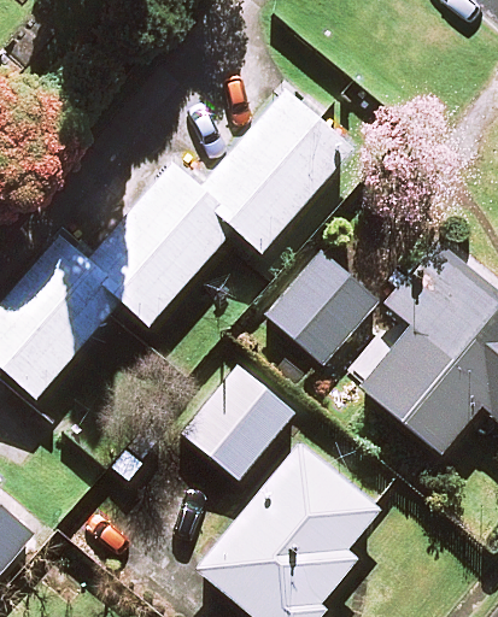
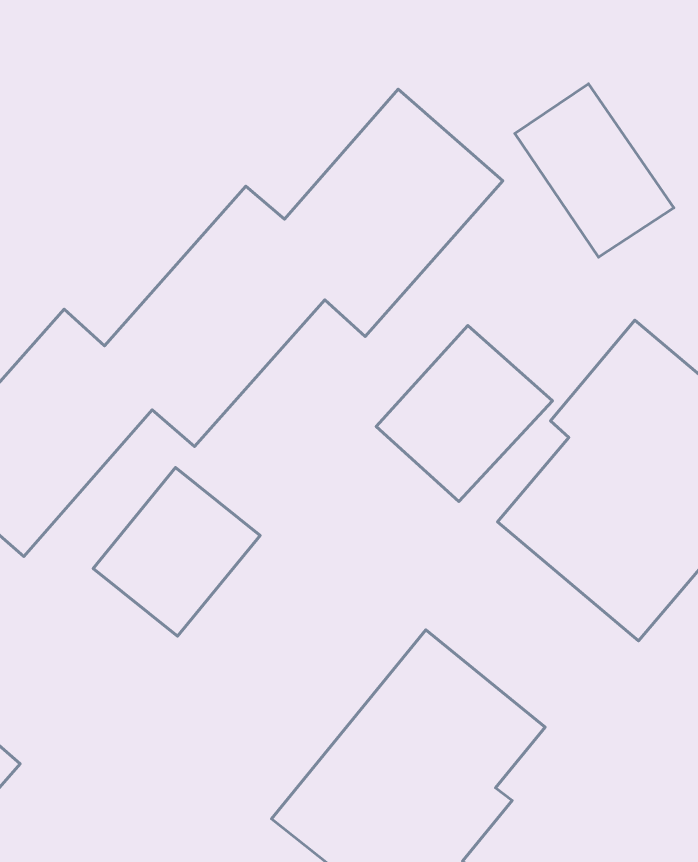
building: none -> [515,84,674,257]
building: [183,368,293,478] -> [93,468,260,636]

